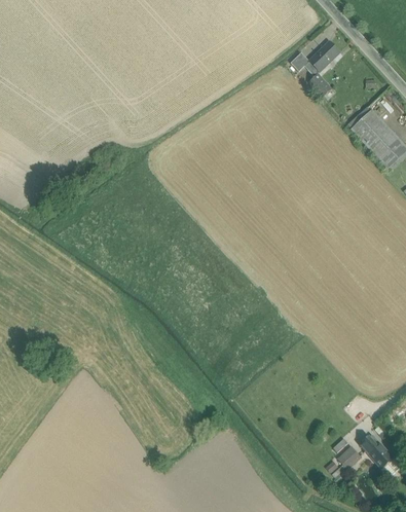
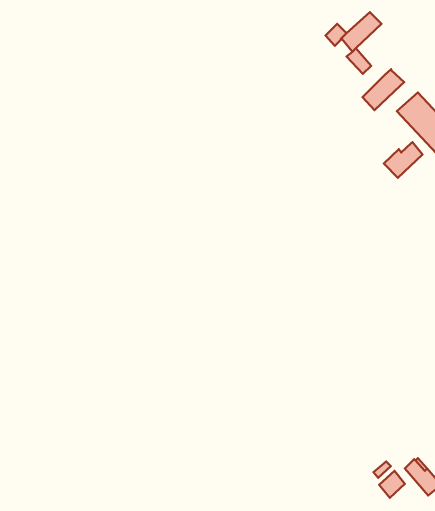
building: none -> [363,69,404,110]
building: none -> [384,142,423,178]

